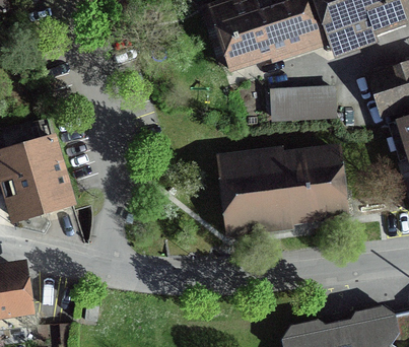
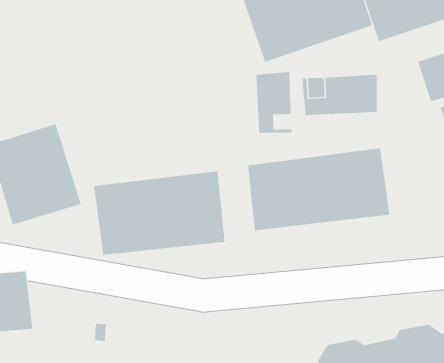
building: none -> [256,71,293,134]
building: none -> [94,171,225,255]

